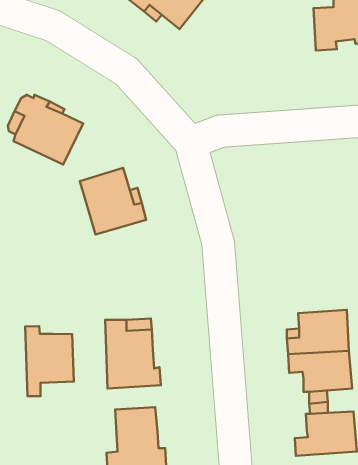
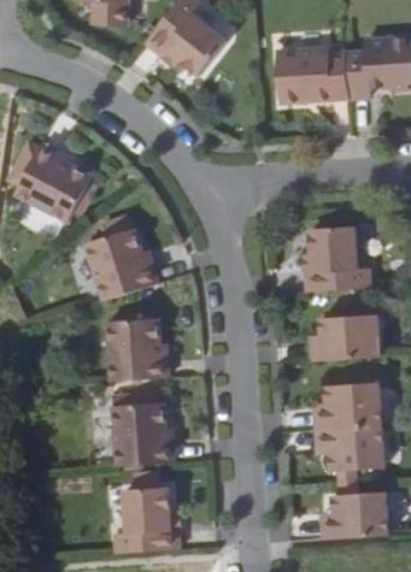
building: none -> [275,51,345,104]
building: none -> [304,224,368,291]
building: none -> [310,312,376,361]
building: none -> [111,317,171,379]
building: [25,326,74,396] -> none

